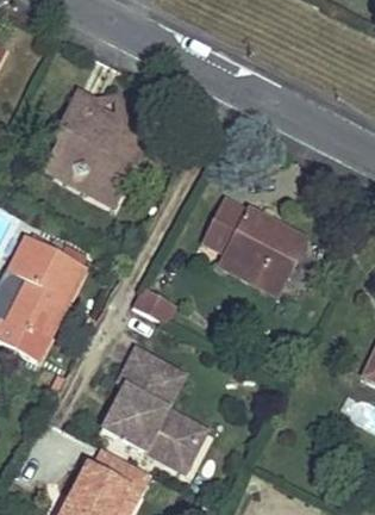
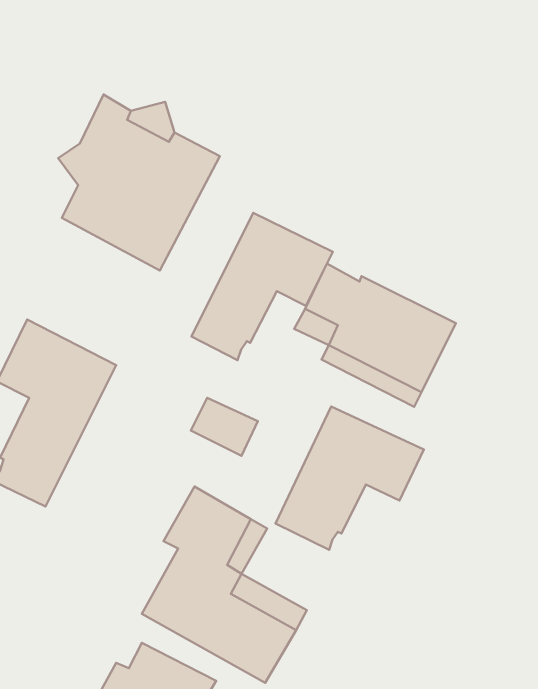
building: none -> [191,213,333,360]
building: none -> [275,406,424,550]

